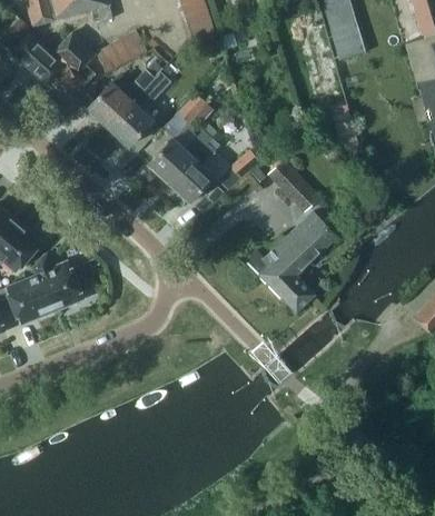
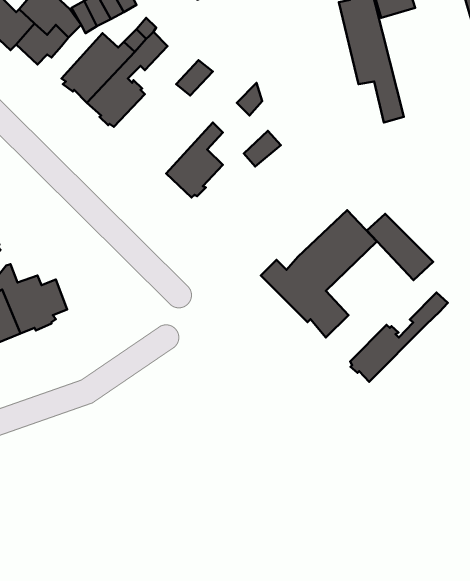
building: [149,130,211,182] -> none
building: [268,160,320,212] -> [367,214,433,280]
building: none -> [350,292,448,382]

